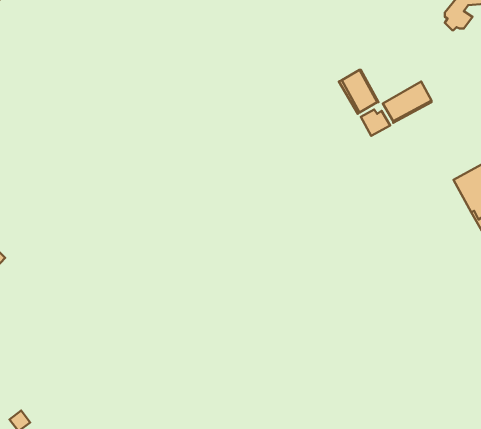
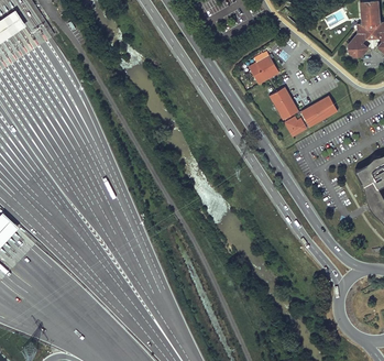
building: none -> [250,53,279,85]

